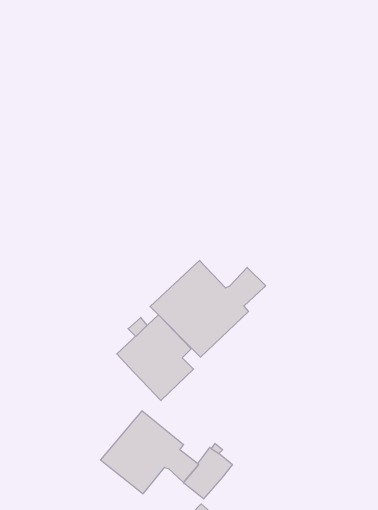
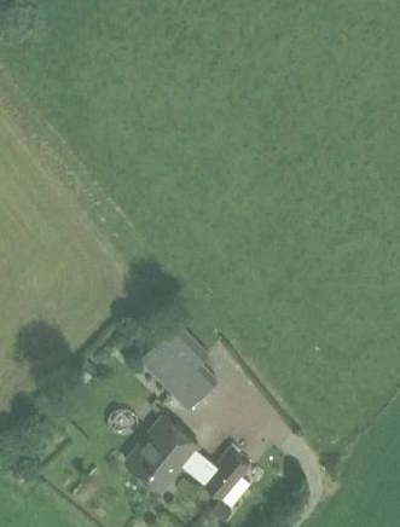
building: [150,260,266,357] -> none

